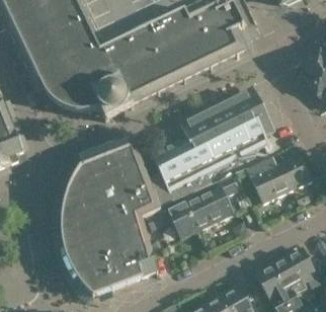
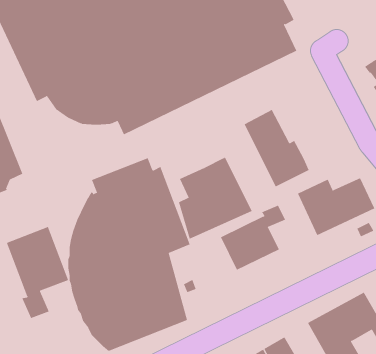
building: [227,89,277,149] -> none
building: [181,111,229,174] -> none
building: none -> [6,226,69,319]
building: [146,204,197,238] -> none

